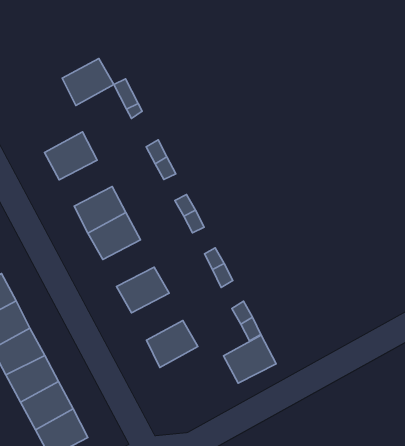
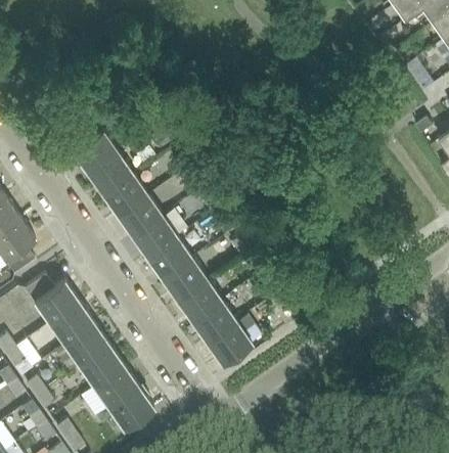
building: [62,58,114,105] -> [73,132,117,174]
building: none -> [102,175,147,216]
building: none -> [147,237,191,279]
building: none -> [177,279,221,321]
building: [223,335,276,383] -> [207,321,252,364]

